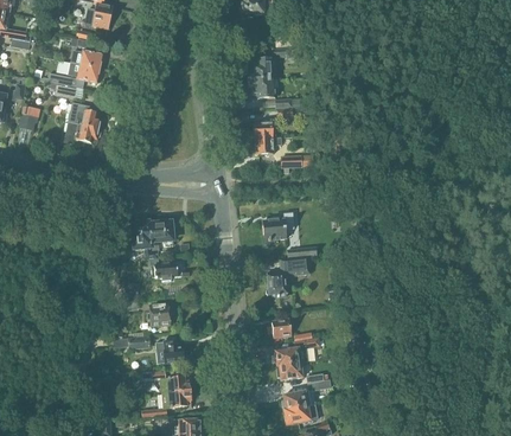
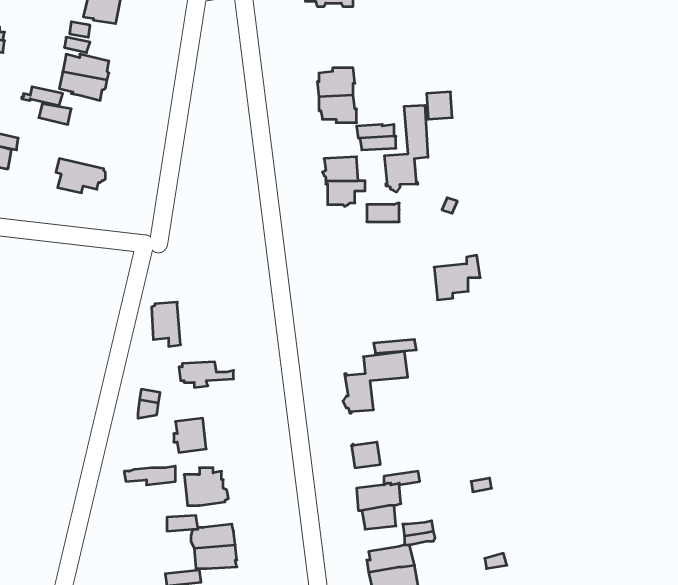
building: none -> [385,105,428,192]
building: [69,102,102,129] -> none
building: [262,213,294,244] -> [434,255,480,300]
building: [142,222,175,258] -> none

